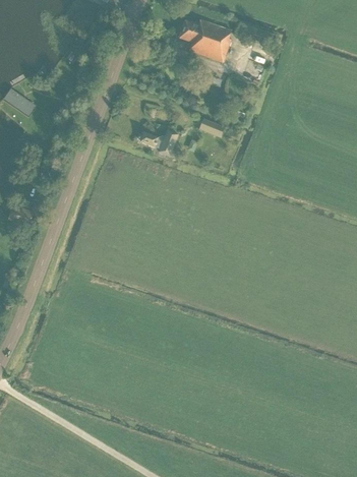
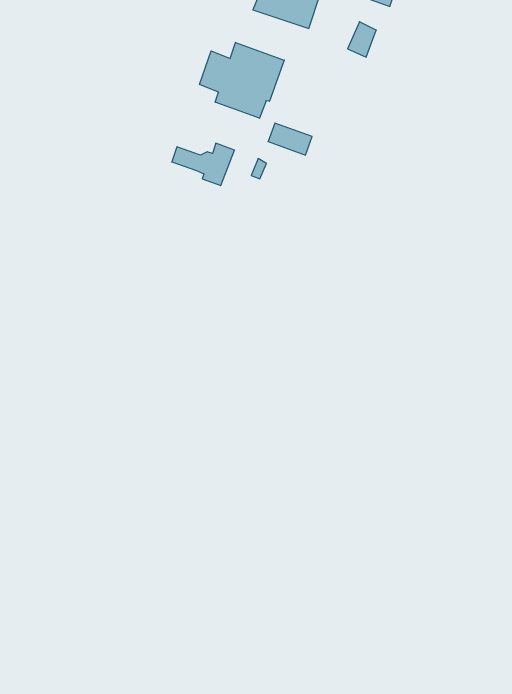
building: none -> [200,42,284,118]

